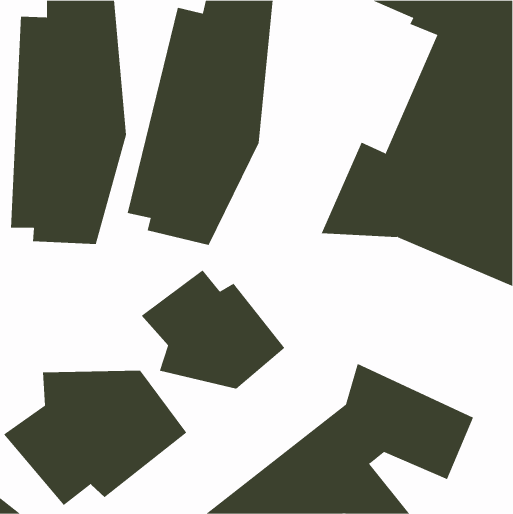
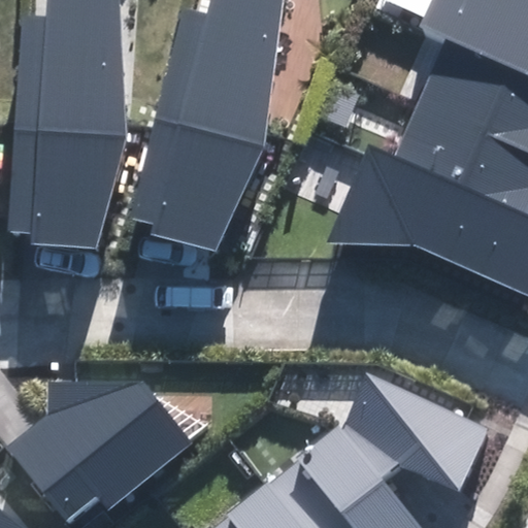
building: [141,269,285,389] -> none

